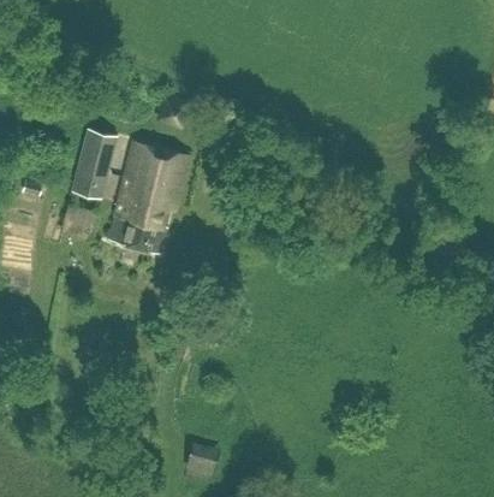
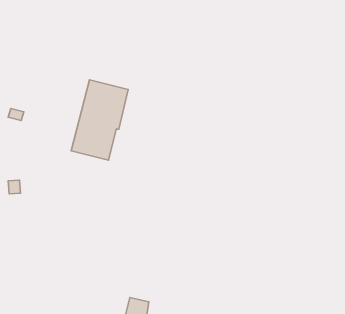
building: [71,128,115,197] -> none

